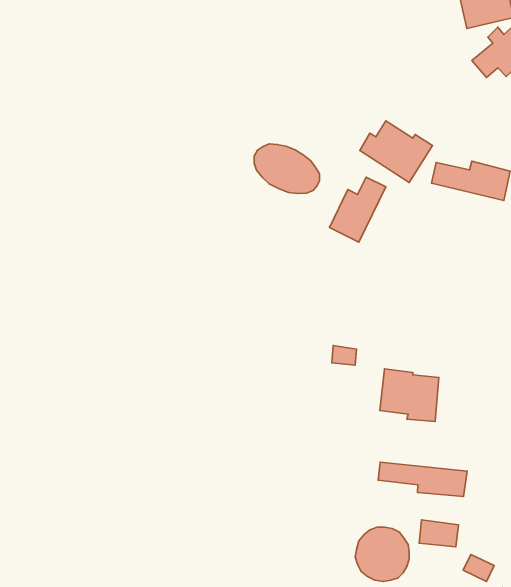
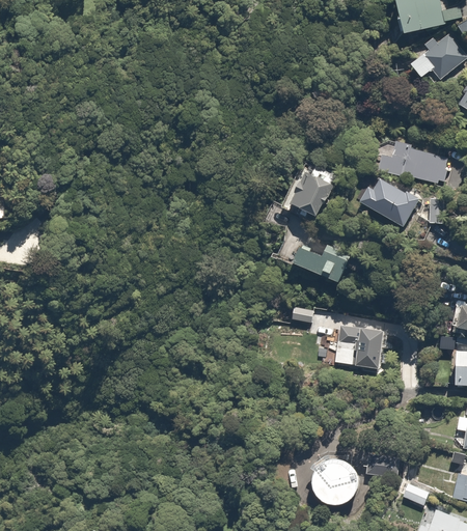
building: [360,121,432,182] -> [359,174,420,226]
building: [254,144,320,194] -> none
building: none -> [293,247,349,284]
building: [378,462,467,497] -> none

